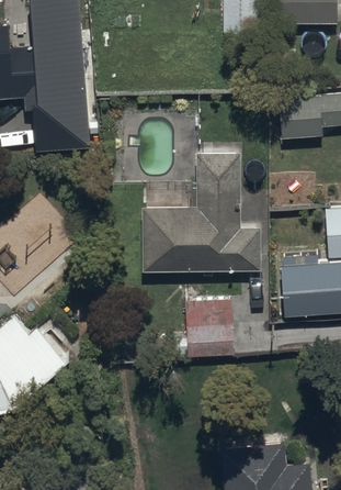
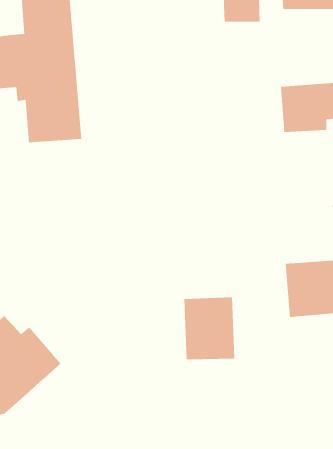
building: [143,152,261,271] -> none

